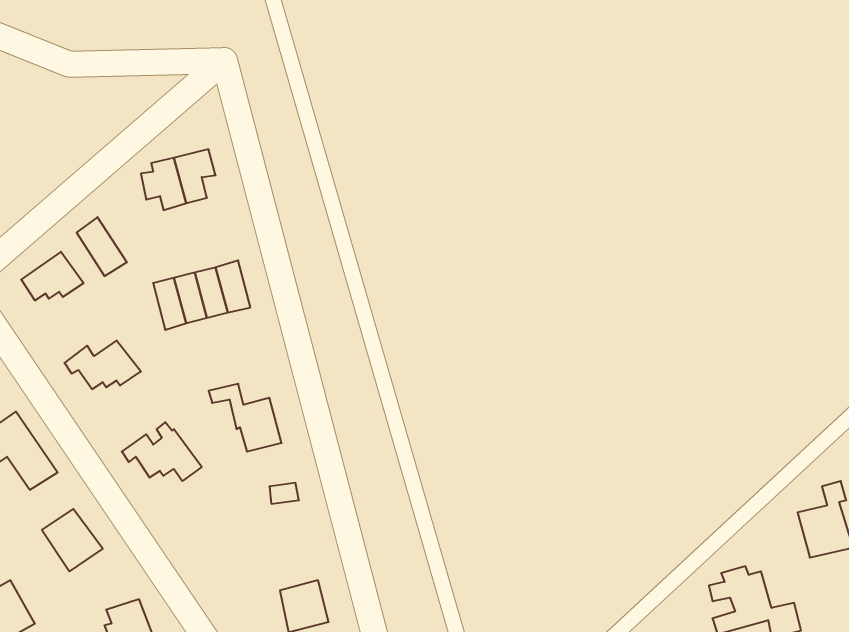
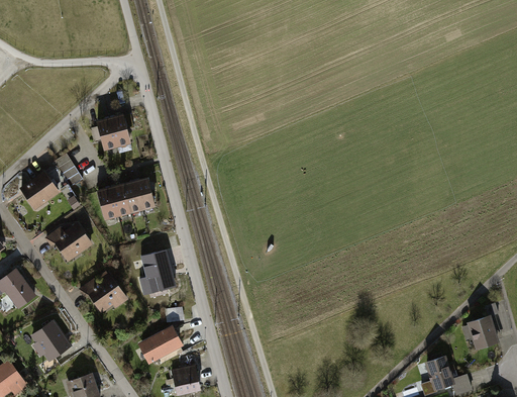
building: none -> [139,328,177,360]

